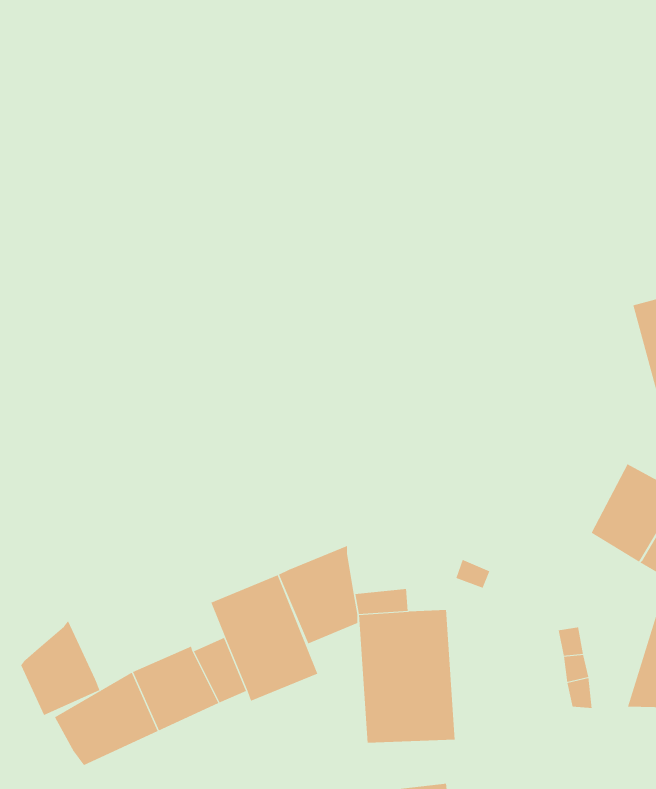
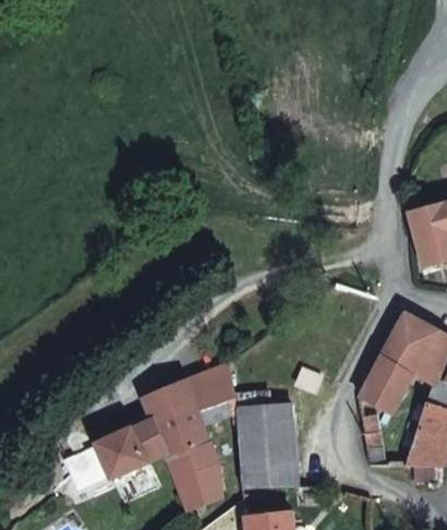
building: none -> [359,356,412,414]
building: [20,620,100,716] -> none
building: none -> [168,444,221,507]

